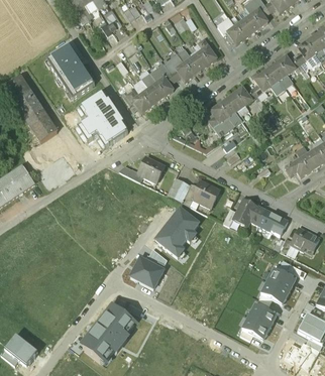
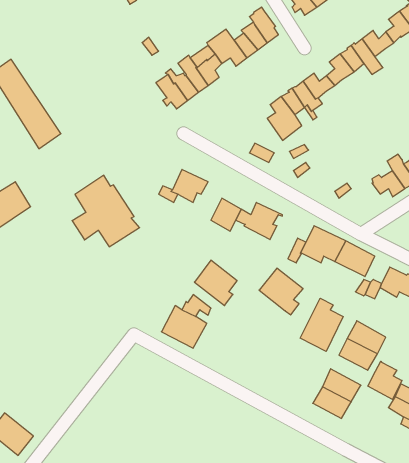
building: [45,43,94,98] -> none
building: [78,92,127,144] -> [72,175,140,247]
building: [167,207,199,241] -> [259,268,303,315]
building: none -> [300,298,343,351]
building: none -> [368,361,402,399]
building: [82,305,132,360] -> none

